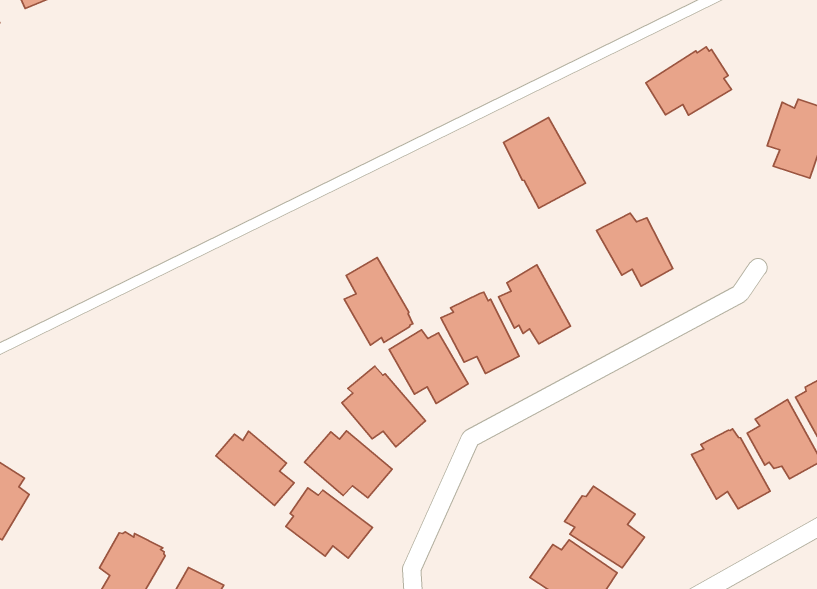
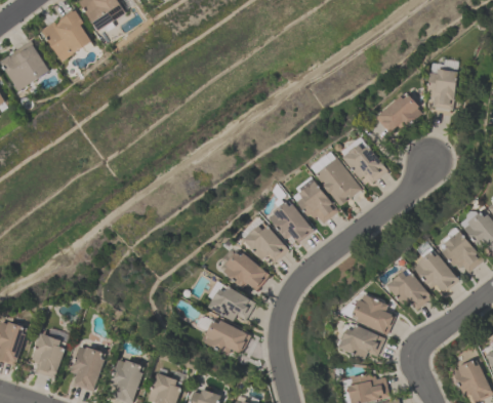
building: [646,47,732,115] -> [376,92,422,132]
building: [504,117,585,208] -> [315,157,362,206]
building: [344,258,413,345] -> none
building: [216,431,294,505] -> none
building: none -> [386,272,432,310]
building: none -> [70,346,104,391]

